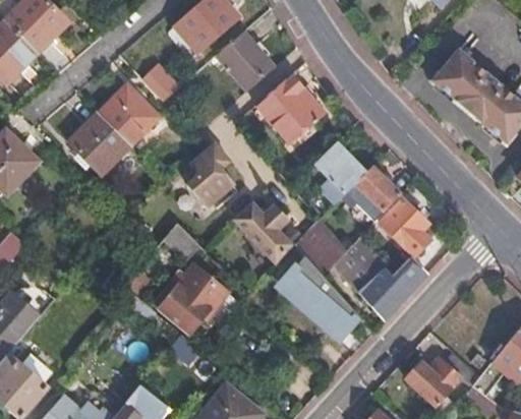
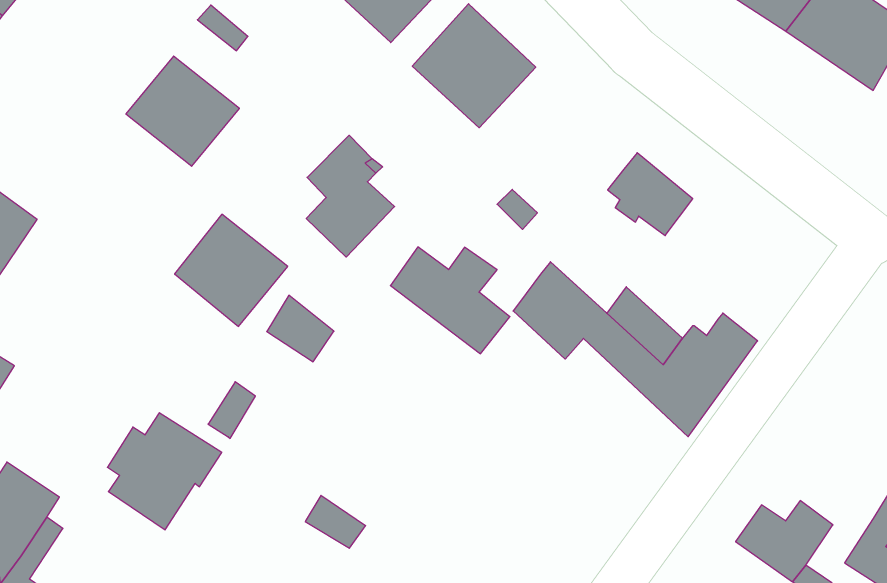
building: [69,112,131,174] -> [175,214,288,326]
building: [317,143,366,192] -> none
building: [377,201,431,259] -> none
building: [266,260,360,349] -> none
building: [162,267,226,332] -> [107,413,222,530]

